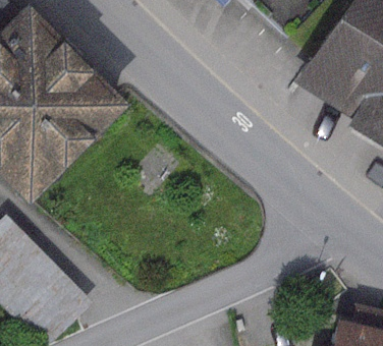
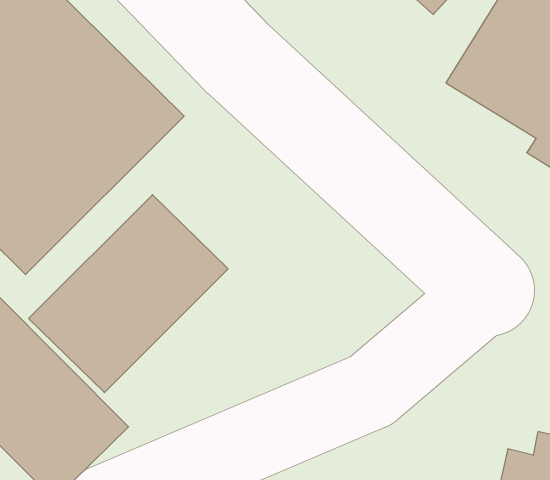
building: none -> [29,195,228,393]

